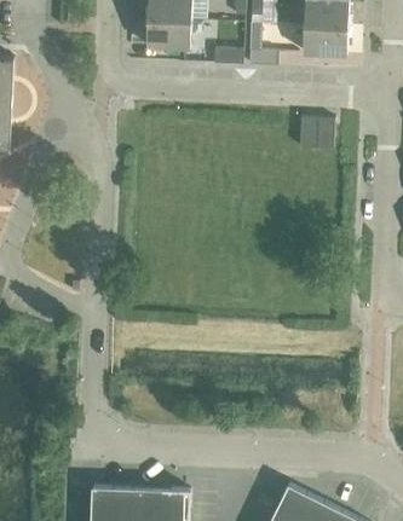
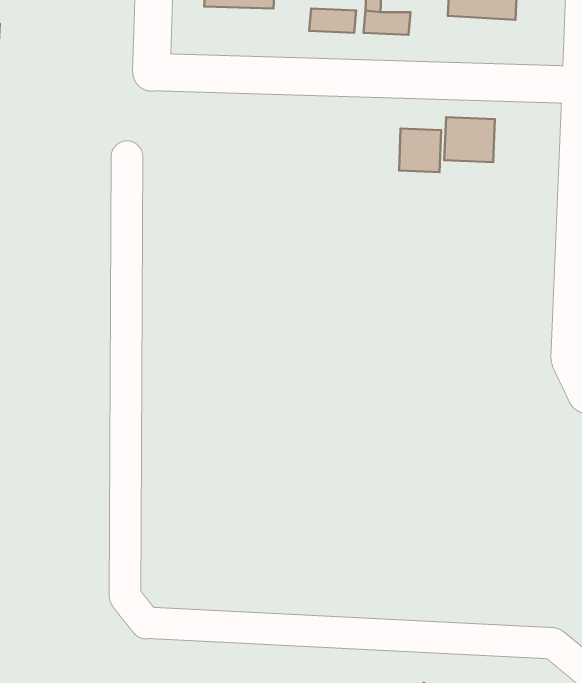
building: none -> [399,129,441,172]

